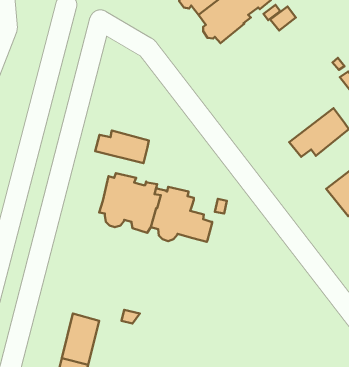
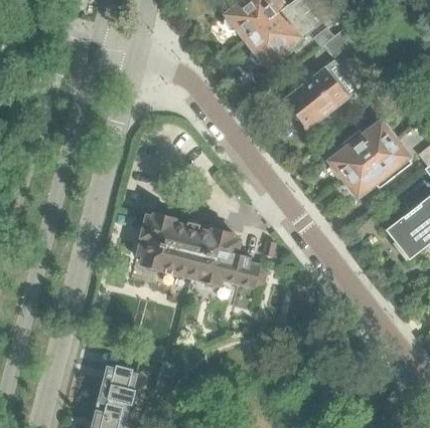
building: none -> [284,55,357,129]
building: none -> [331,111,393,178]
building: [95,130,149,163] -> none

